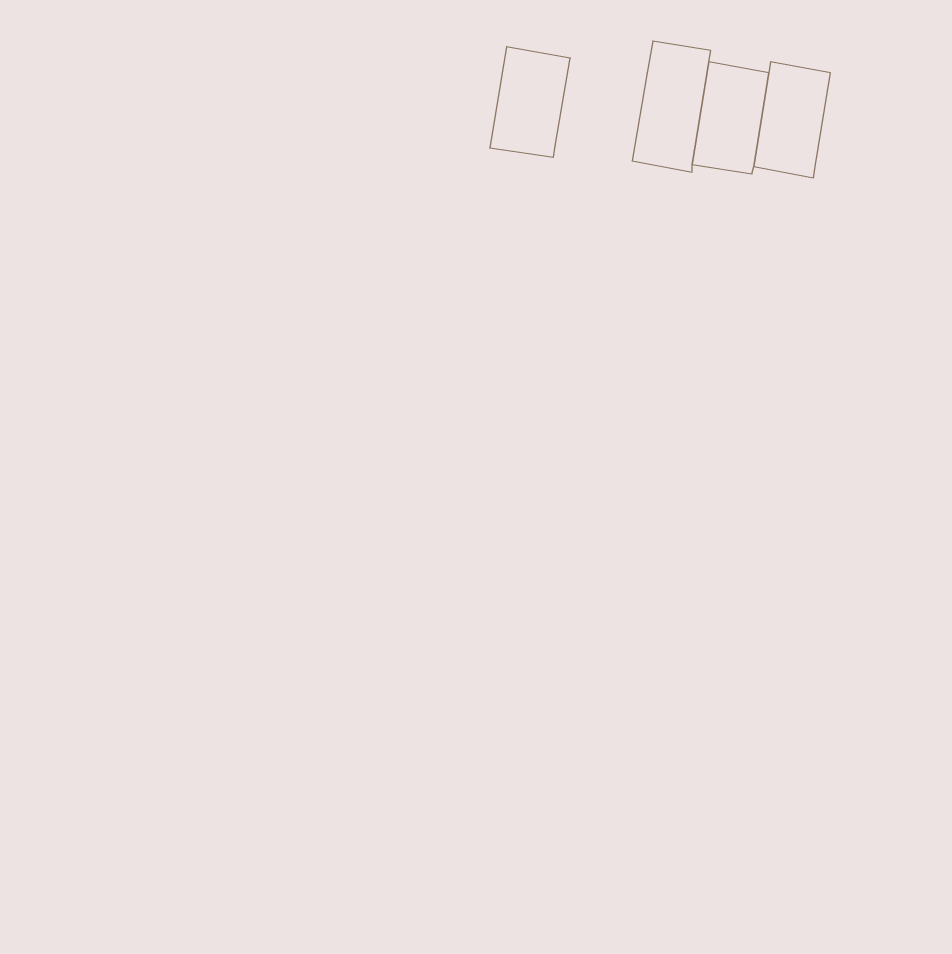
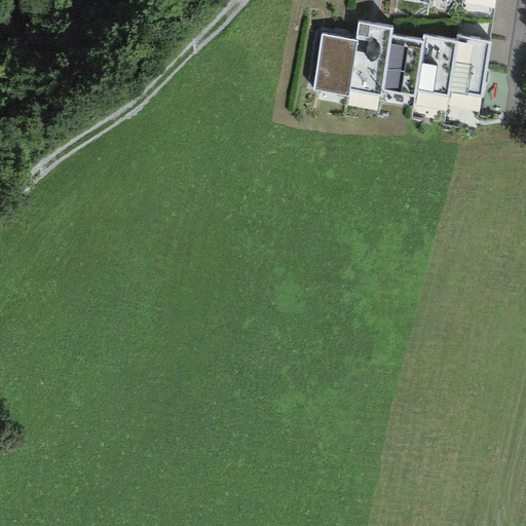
building: [490,47,570,157] -> [311,34,355,95]
building: none -> [448,34,491,96]

